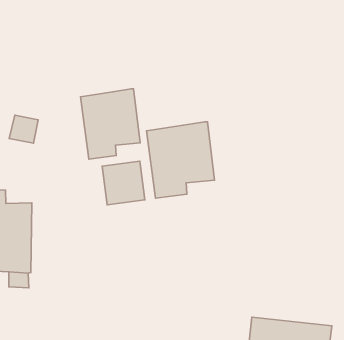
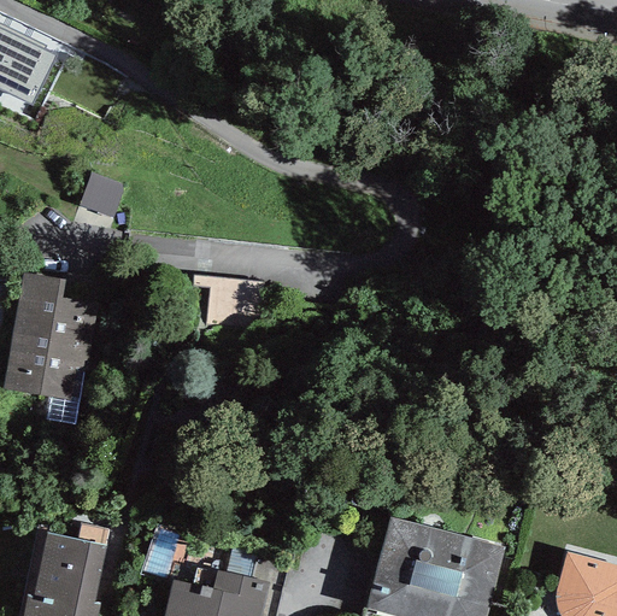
building: [81,89,140,159] -> none
building: [147,122,214,198] -> none

